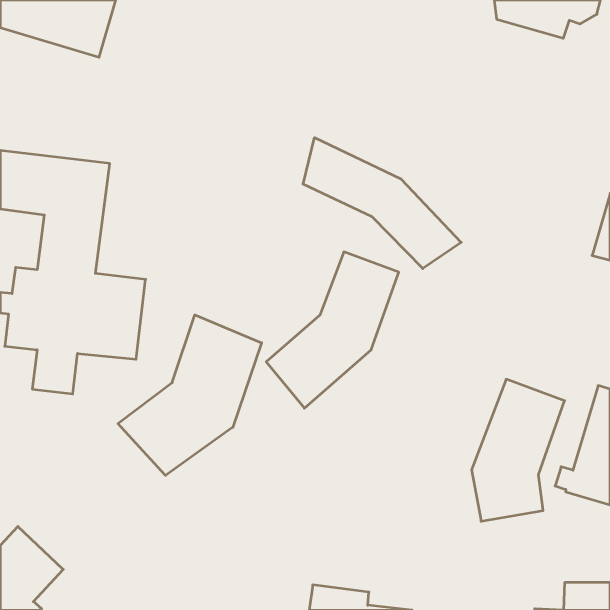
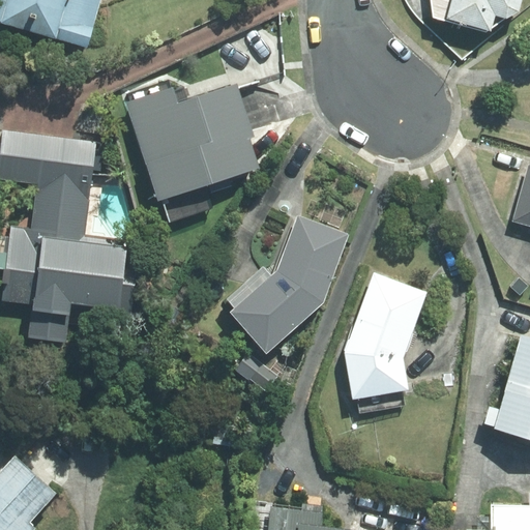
building: none -> [126,86,258,201]
building: [303,138,461,269] -> none
building: [118,315,262,475] -> none
building: [472,379,565,521] -> [343,273,423,396]

